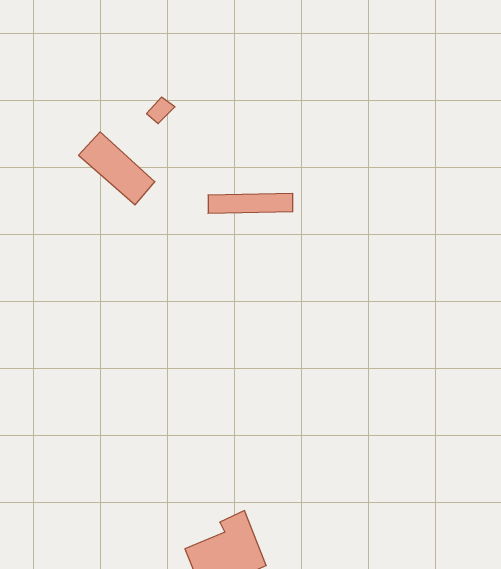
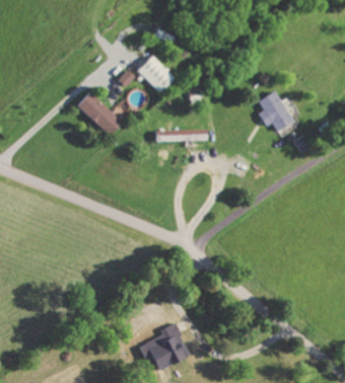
building: none -> [136,55,174,92]
building: none -> [257,90,292,131]

